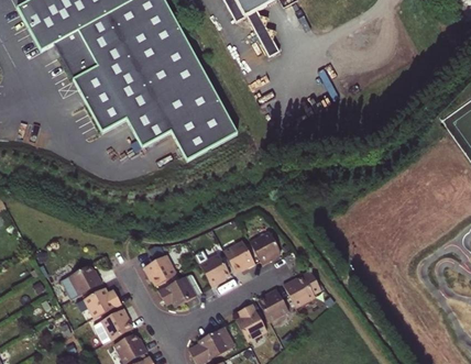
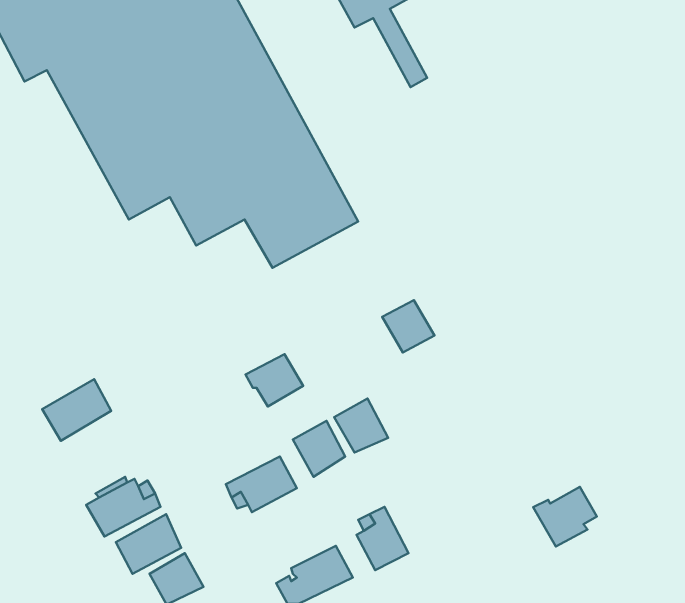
building: [251,230,282,261] -> [382,300,434,352]
building: [143,252,177,283] -> [245,354,303,406]
building: [61,261,101,297] -> [42,379,111,441]
building: [283,269,320,305] -> [533,487,597,546]
building: [259,286,289,319] -> none

